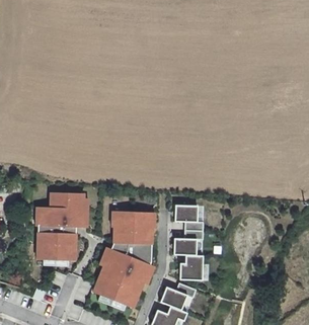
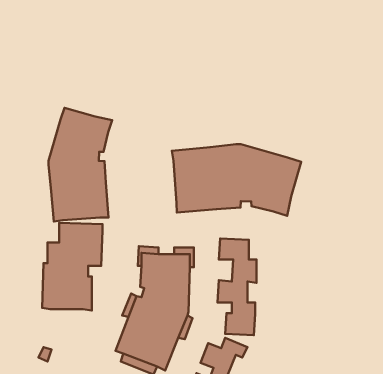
building: none -> [48,108,112,221]
building: none -> [172,144,301,216]

